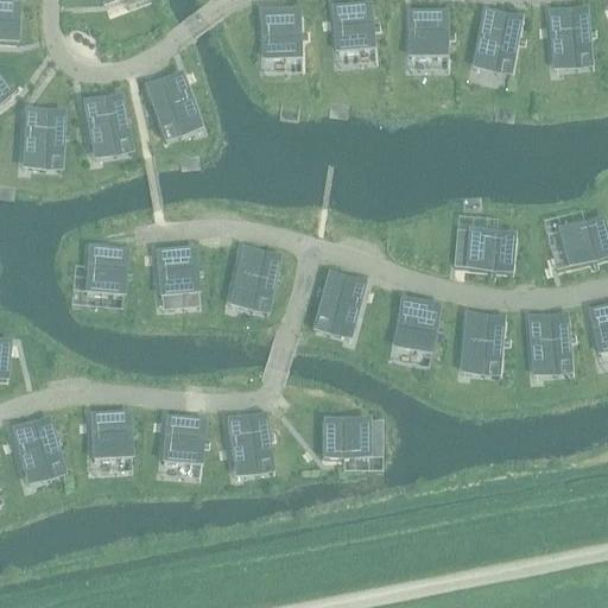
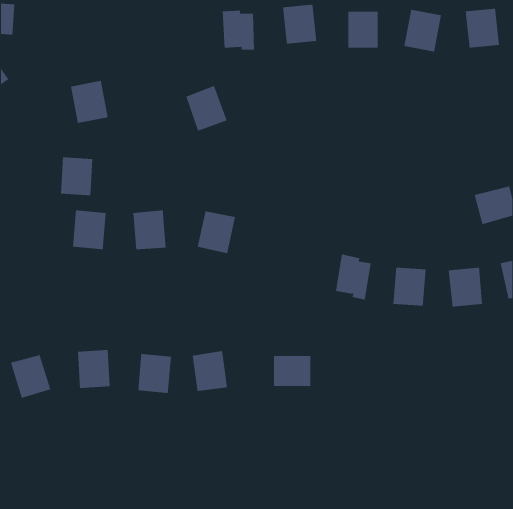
building: [145,74,195,128] -> [185,85,228,132]
building: [24,110,63,157] -> [60,157,93,196]
building: [468,232,515,272] -> none
building: [316,273,365,325] -> none

